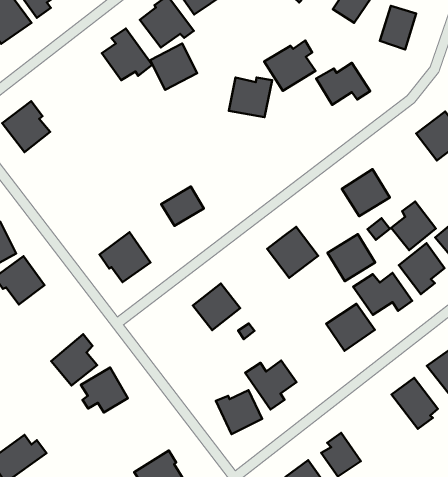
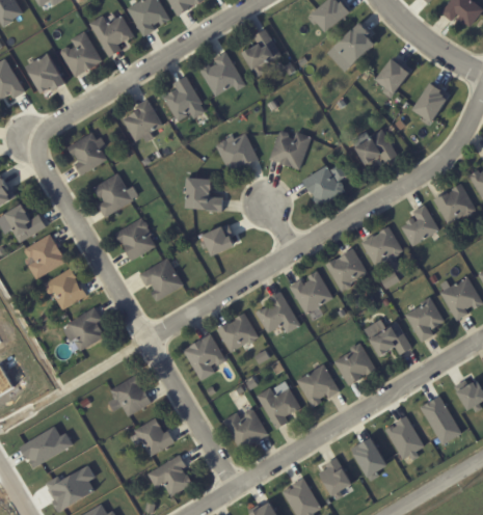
building: [264,41,316,91] -> [302,163,347,206]
building: [150,43,197,90] -> [216,131,257,170]
building: none -> [123,101,161,143]
building: none -> [183,177,223,210]
building: none -> [93,171,139,216]
building: none -> [115,217,157,260]
building: [391,202,436,250] -> [400,204,439,246]
building: [327,234,375,281] -> [326,248,368,289]
building: none -> [256,290,301,332]
building: none -> [183,332,226,380]
building: none -> [297,363,340,405]
building: [51,334,97,386] -> [63,306,104,351]
building: none -> [348,437,384,477]
building: none -> [135,416,176,456]

